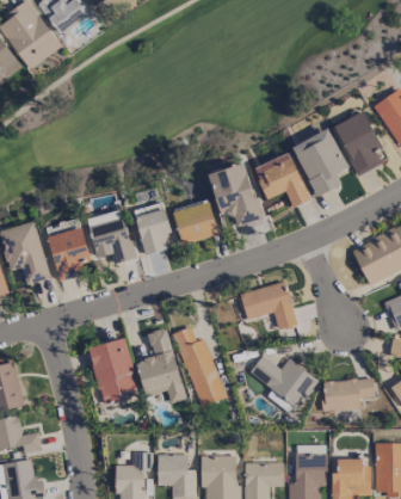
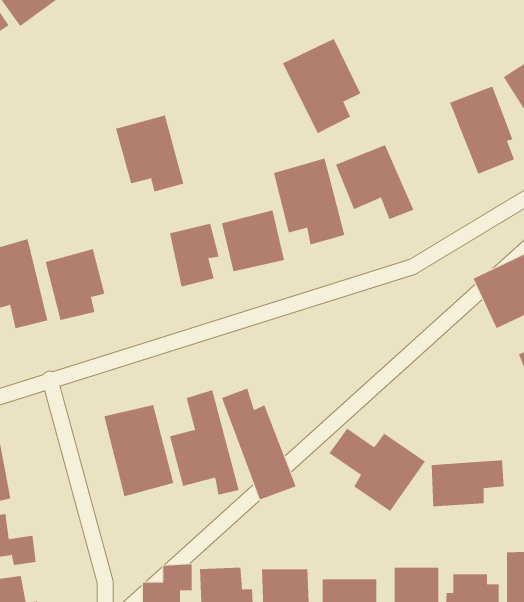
building: [292,128,348,196] -> [282,38,361,134]
building: [87,209,136,264] -> [115,115,184,192]
building: [240,282,297,331] -> none

